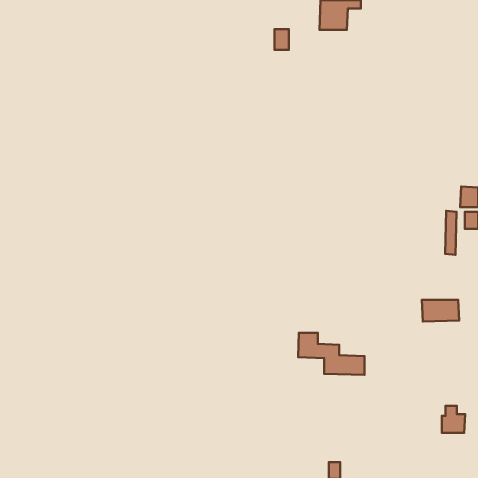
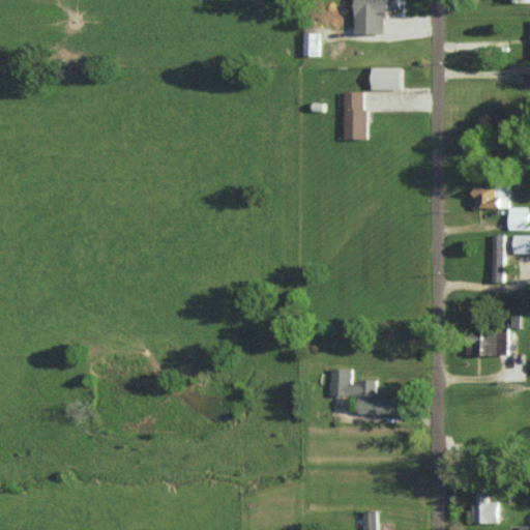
building: none -> [370,66,401,90]
building: none -> [343,91,365,140]
building: none -> [473,188,500,208]
building: [442,406,465,433] -> [472,493,498,523]

